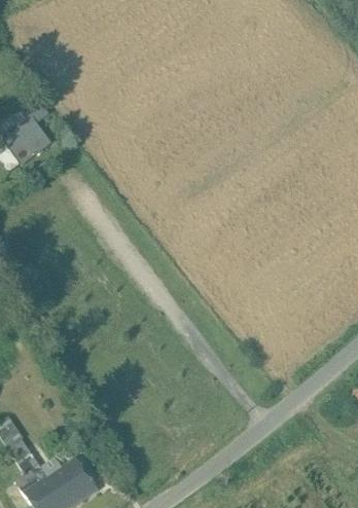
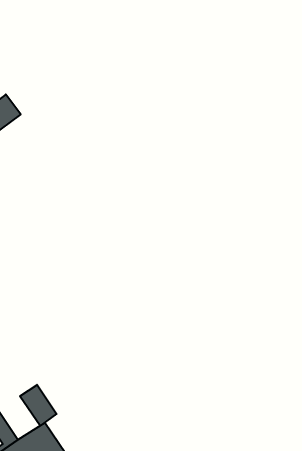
building: none -> [20,385,57,426]

